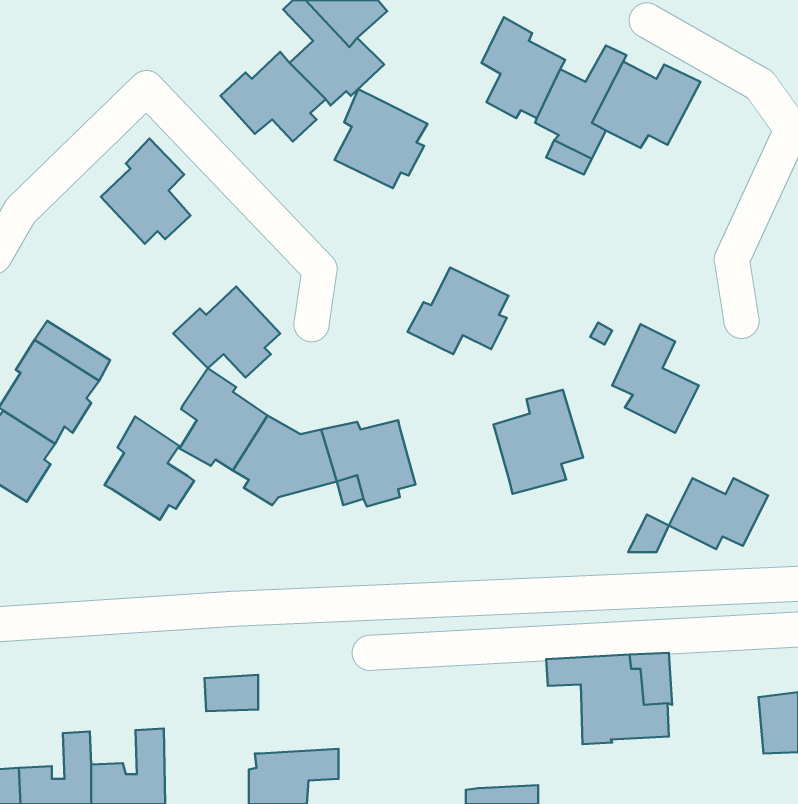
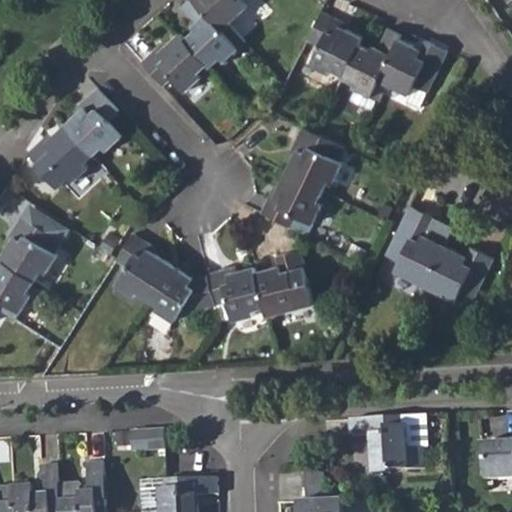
building: [335,89,427,188] -> [286,125,345,188]
building: [173,286,280,378] -> [24,125,92,183]
building: [494,390,583,494] -> [254,250,311,316]
building: [105,416,194,520] -> none
building: [669,478,768,549] -> [429,245,492,290]

